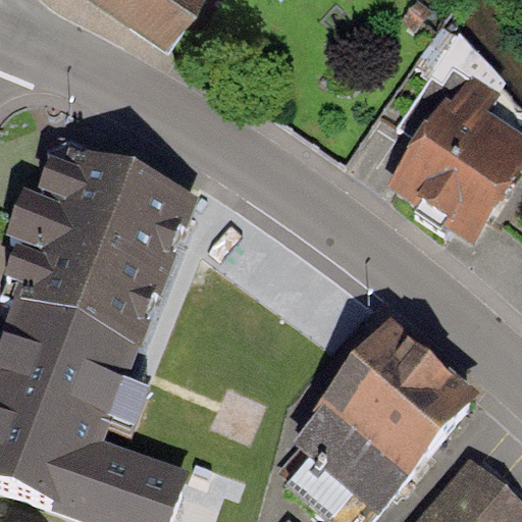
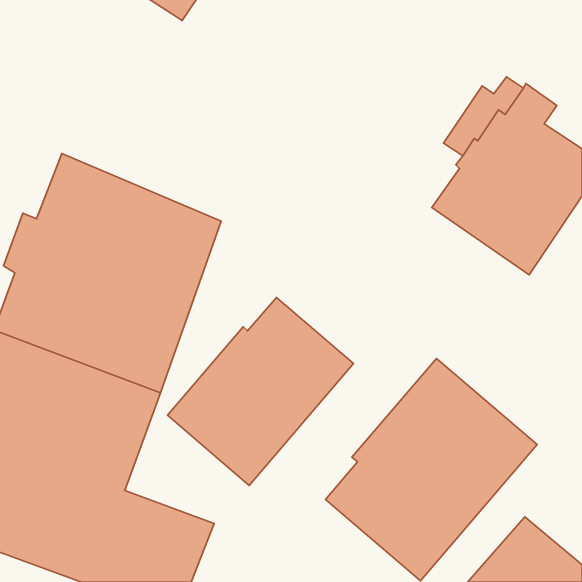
building: none -> [168,297,353,485]

